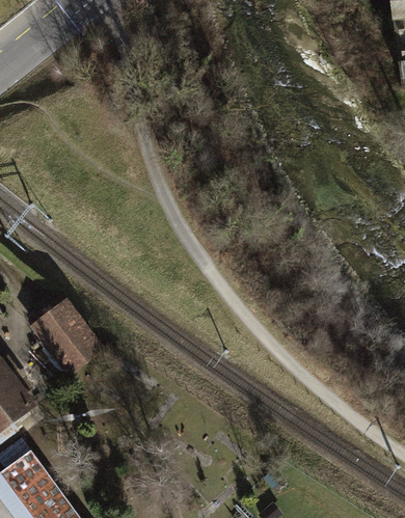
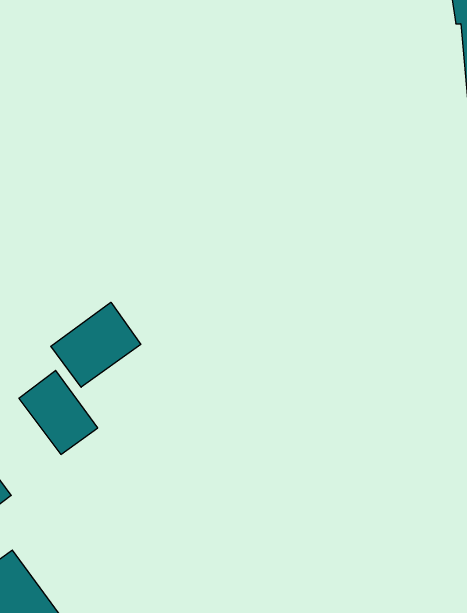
building: none -> [51,302,141,387]

